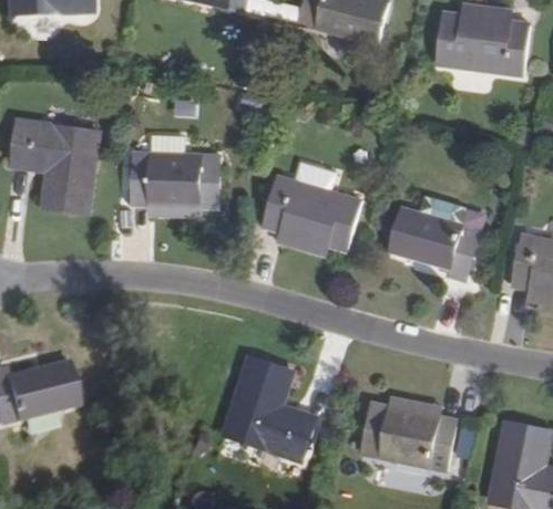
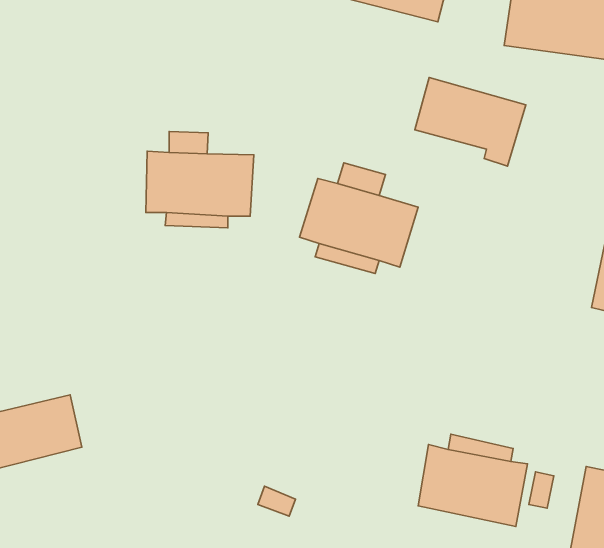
building: [12,121,100,212] -> none
building: [388,206,482,281] -> [415,78,526,166]
building: [224,355,317,460] -> none

